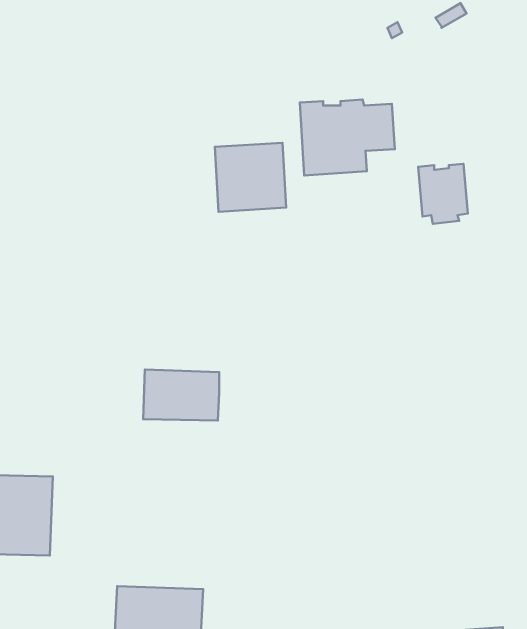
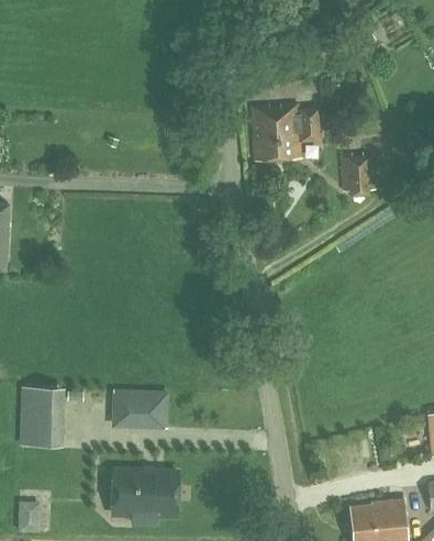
building: [215,143,286,212] -> none
building: [143,369,219,420] -> [111,389,168,428]

